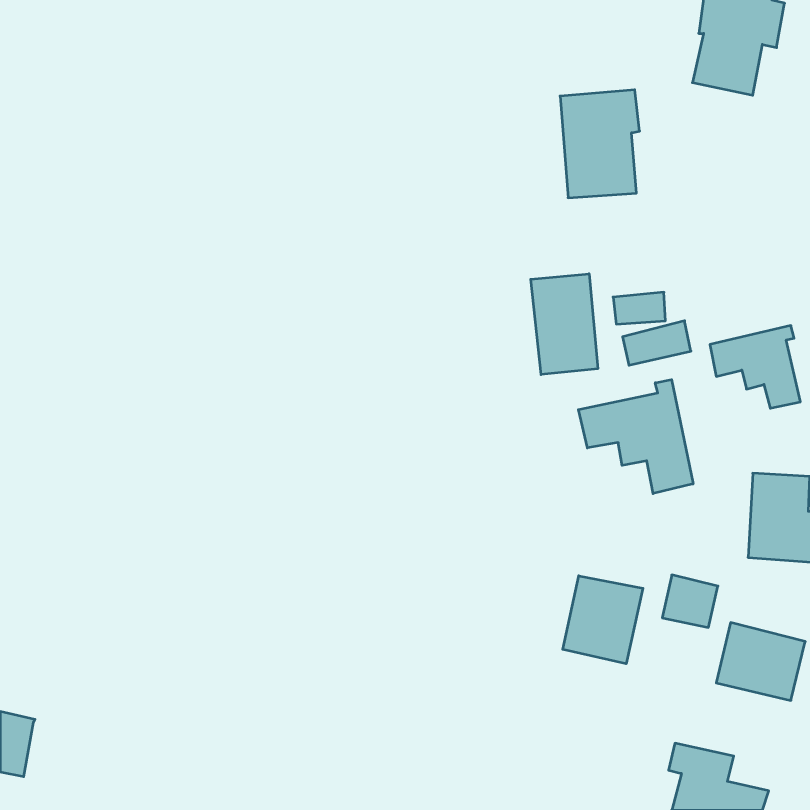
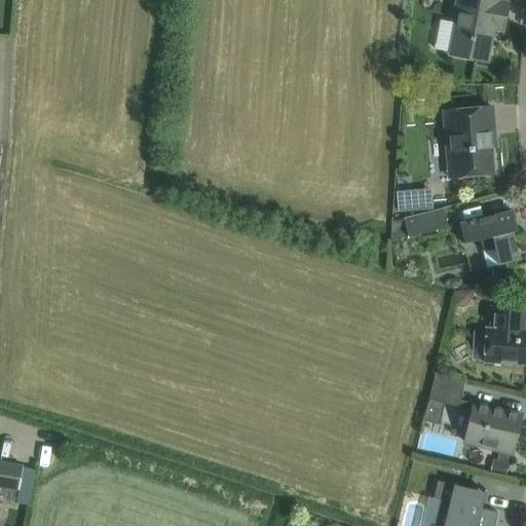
building: [560,90,640,198] -> [444,107,495,177]
building: [531,274,598,375] -> none
building: [578,380,693,494] -> none
building: [563,576,643,664] -> none

